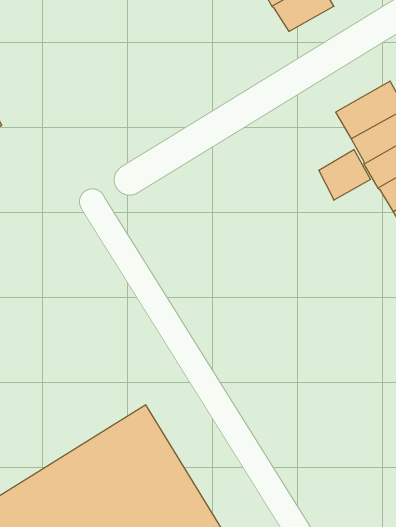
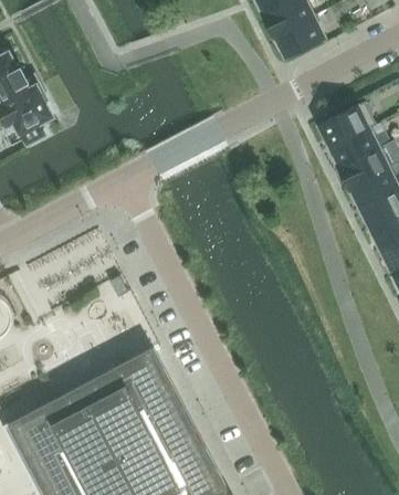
building: [319,149,370,200] -> none

